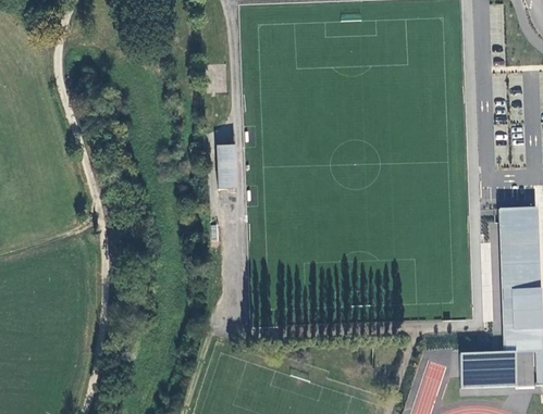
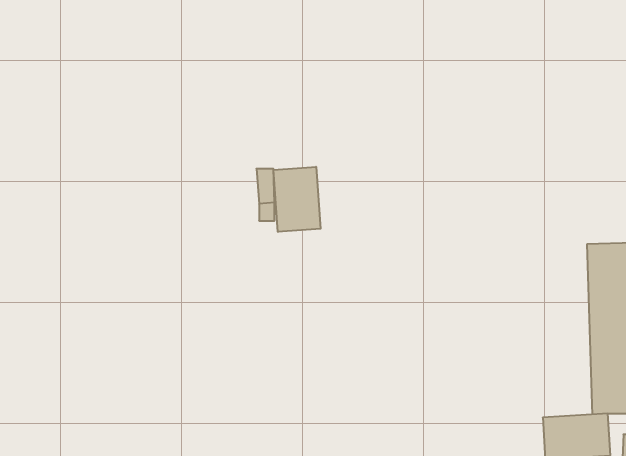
building: none -> [273,167,321,232]

